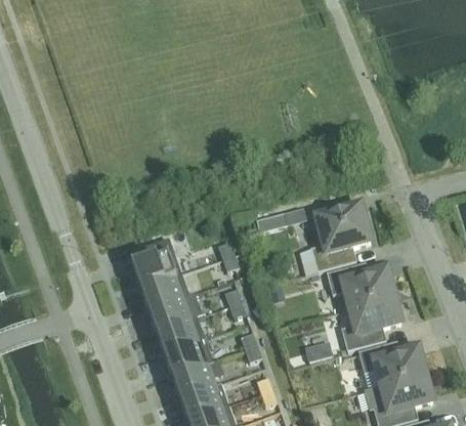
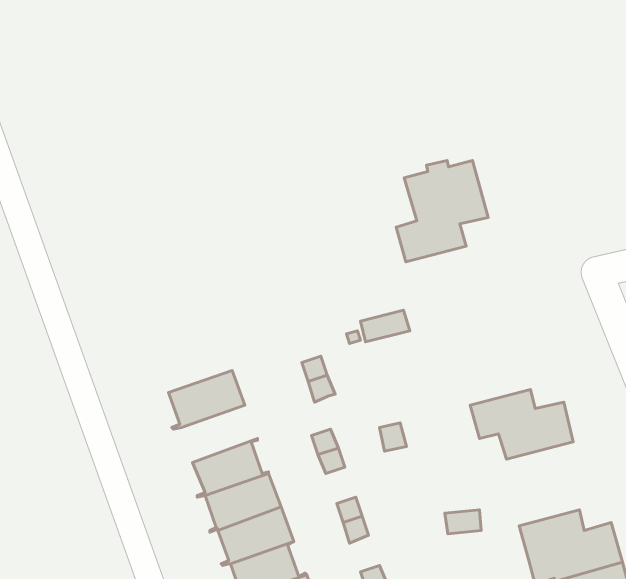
building: [312,205,372,270] -> [396,160,488,262]
building: [141,272,190,310] -> none
building: [342,296,401,349] -> none

